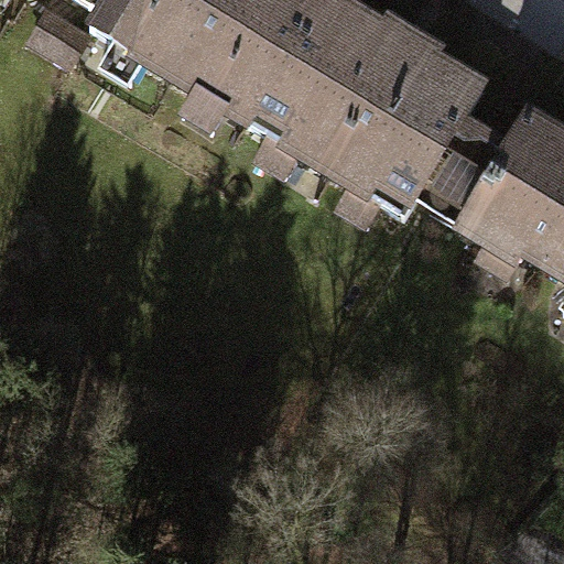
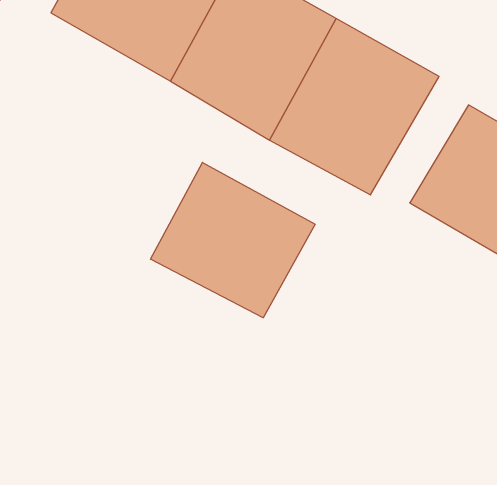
building: none -> [151,162,315,318]

